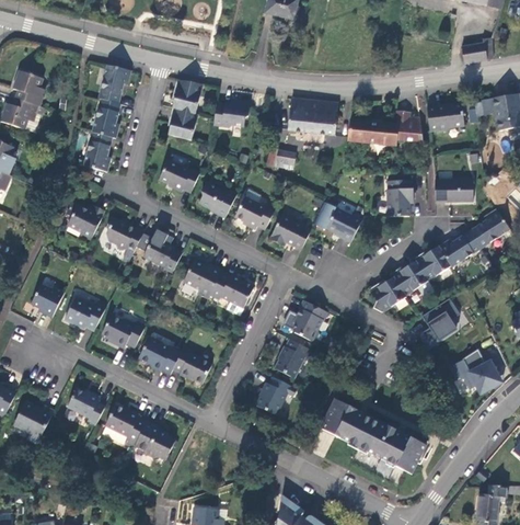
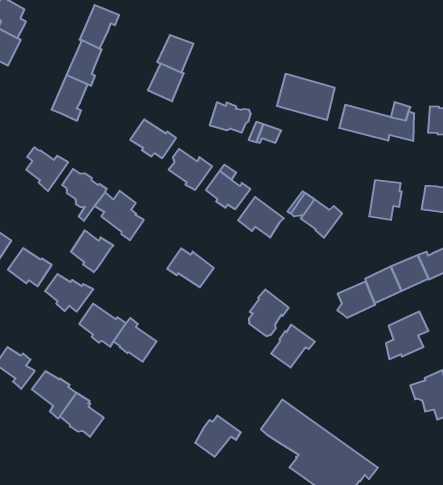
building: [213,101,250,126] -> [210,102,251,133]
building: [185,260,223,297] -> [71,230,114,272]
building: [275,338,313,377] -> [271,325,315,368]
building: [256,376,297,414] -> [195,415,241,457]

